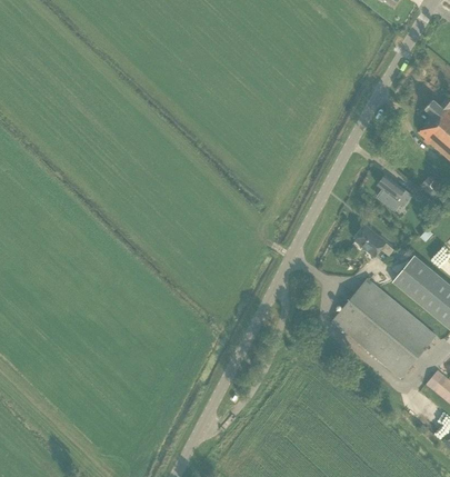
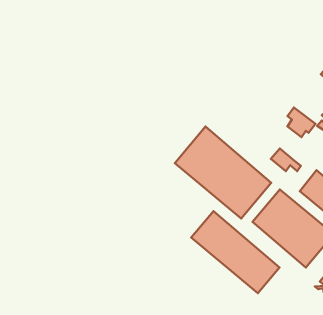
building: none -> [175,126,271,218]
building: none -> [191,211,280,293]

